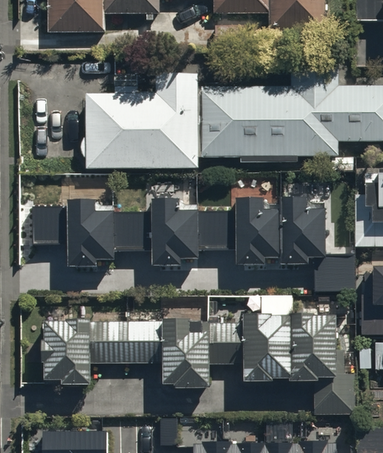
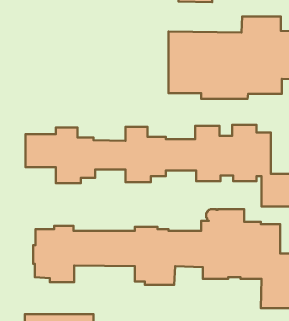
building: [89,73,198,168] -> none

